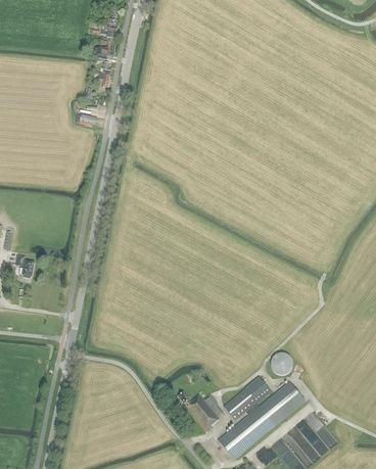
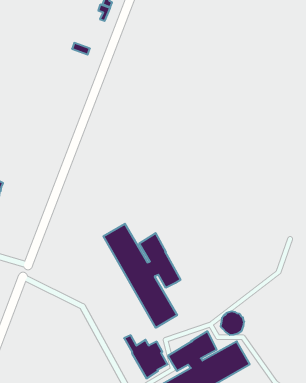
building: none -> [103,224,180,328]

